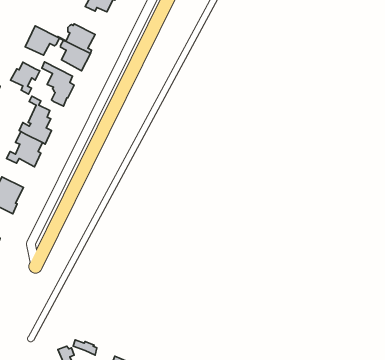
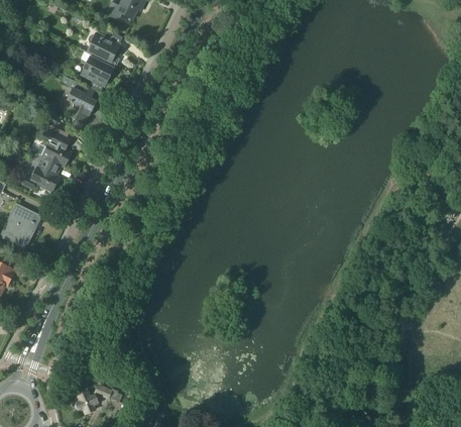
building: [25,26,59,55] -> none
building: [11,62,40,94] -> none

